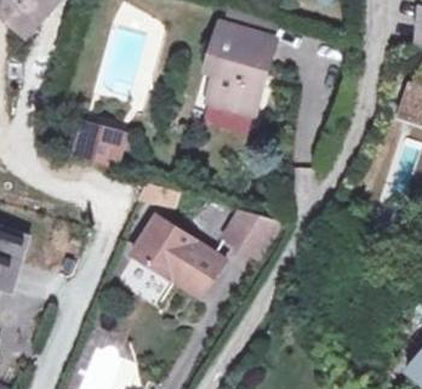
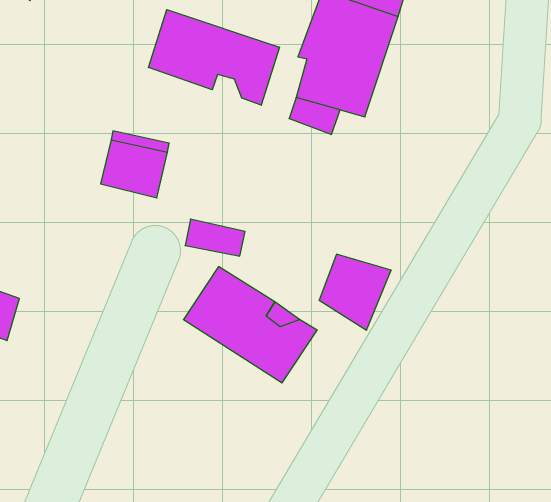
building: none -> [148,10,279,105]

